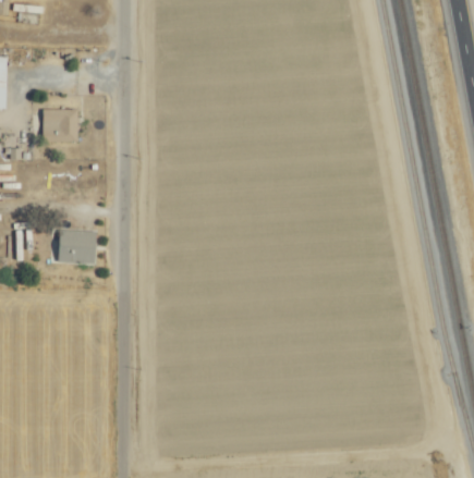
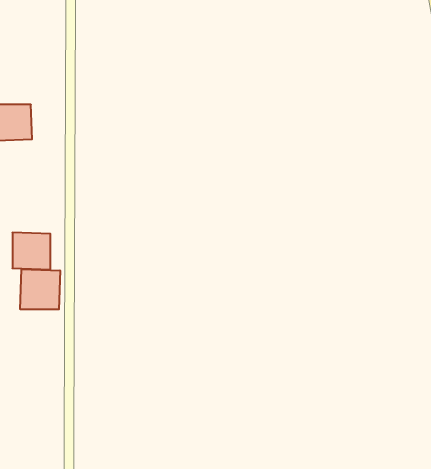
building: none -> [20,269,60,309]

